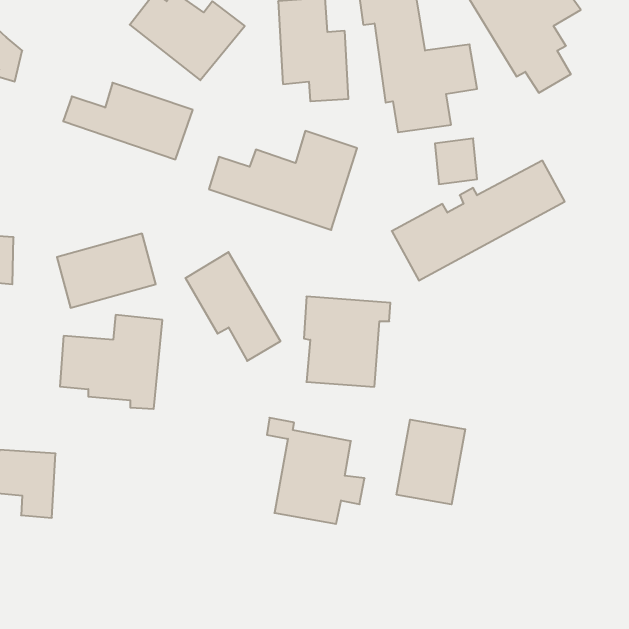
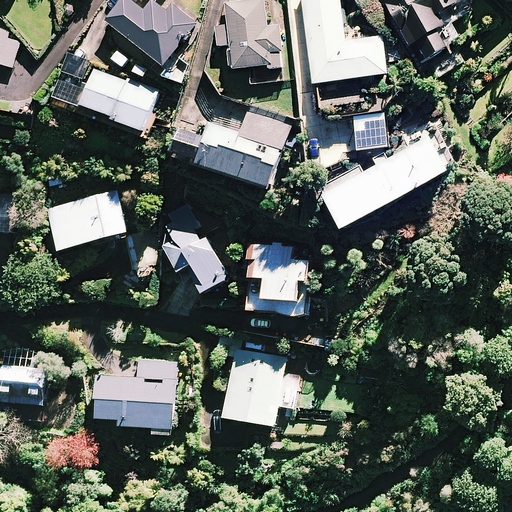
building: [60,315,162,409] -> [94,357,177,433]
building: [397,420,465,504] -> none

